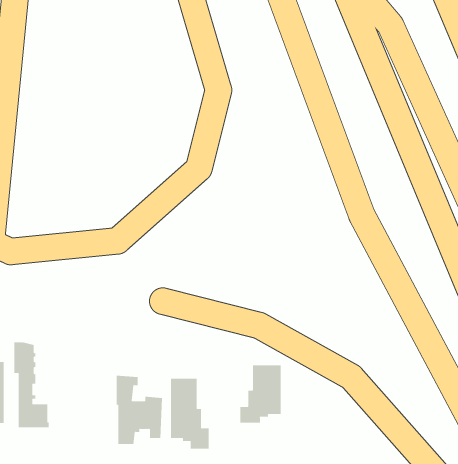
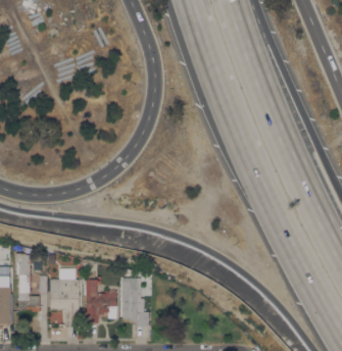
building: [240,365,281,424] -> none
building: none -> [50,279,80,324]

